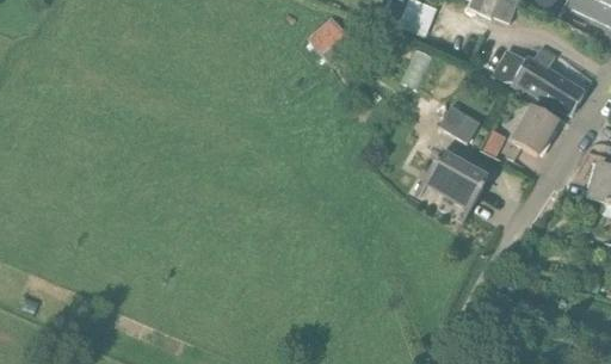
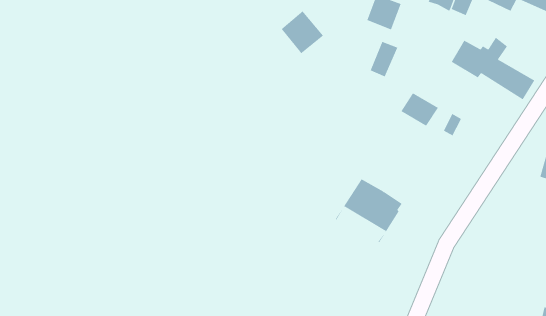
building: [512,104,558,154] -> none
building: [414,149,488,220] -> [335,179,403,243]

